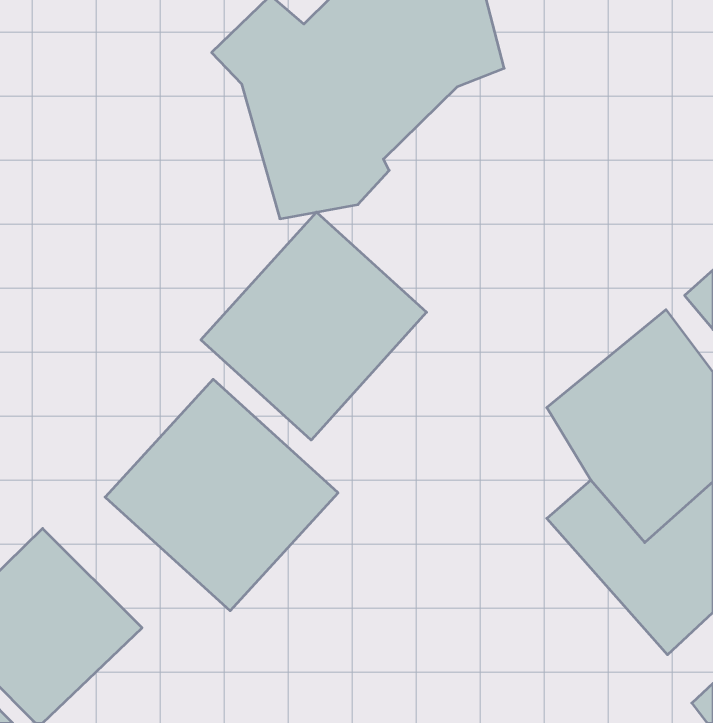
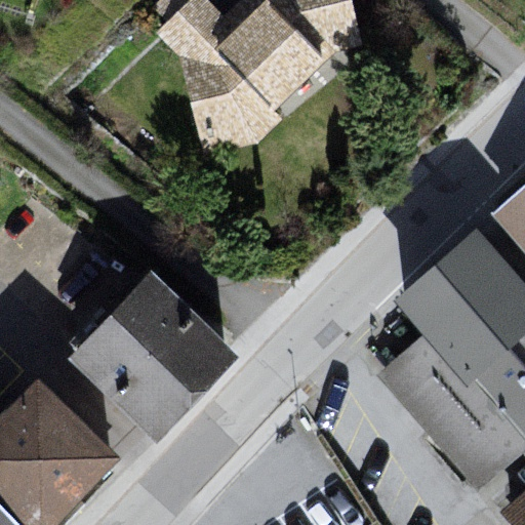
building: [201,212,427,440] -> none

